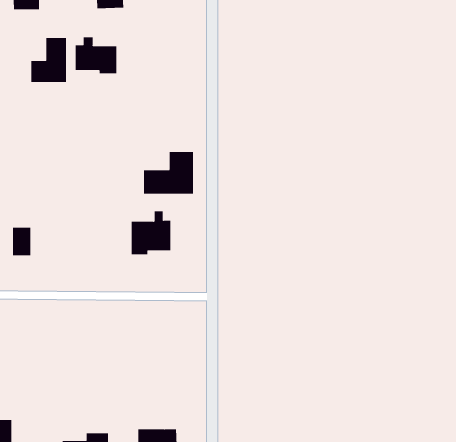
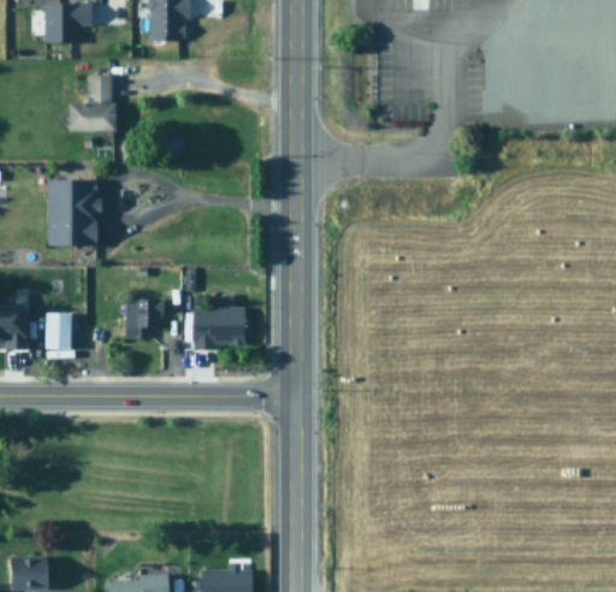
building: [75,36,117,74] -> none
building: none -> [47,182,96,247]
building: [143,151,193,195] -> none
building: none -> [124,300,161,339]

